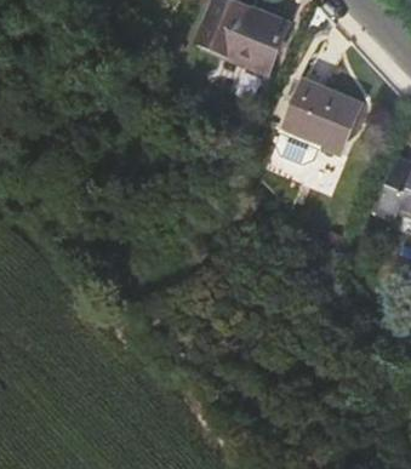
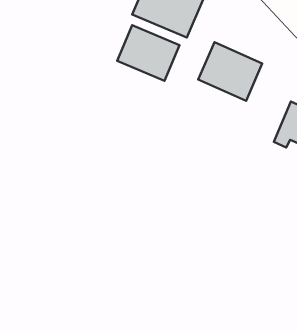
building: none -> [117,25,180,81]

